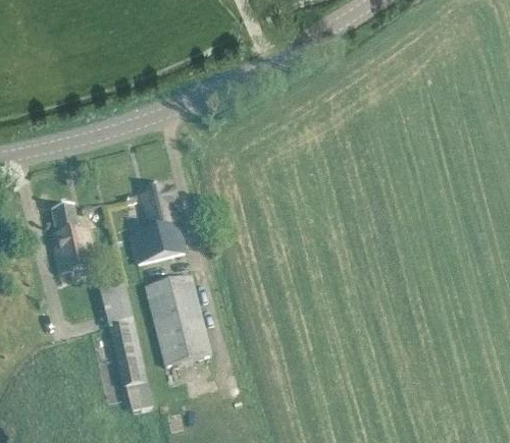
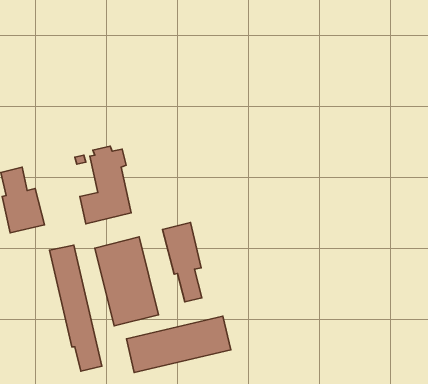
building: none -> [163,223,202,302]
building: none -> [127,316,231,372]

